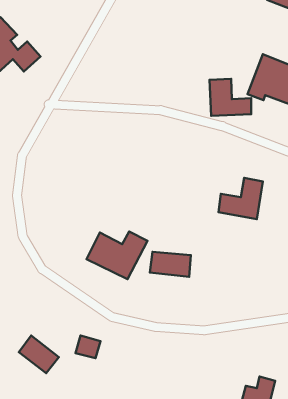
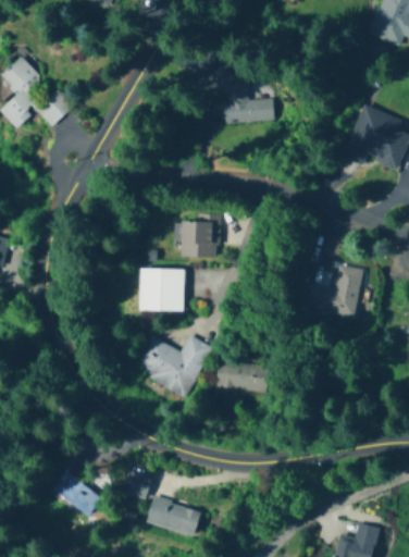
building: [209,79,251,116] -> [220,73,274,121]
building: none -> [177,211,221,258]
building: none -> [140,269,185,311]
building: none -> [147,497,202,534]

